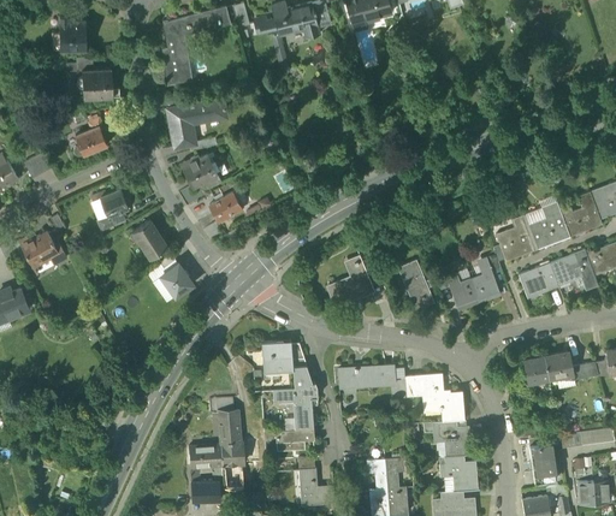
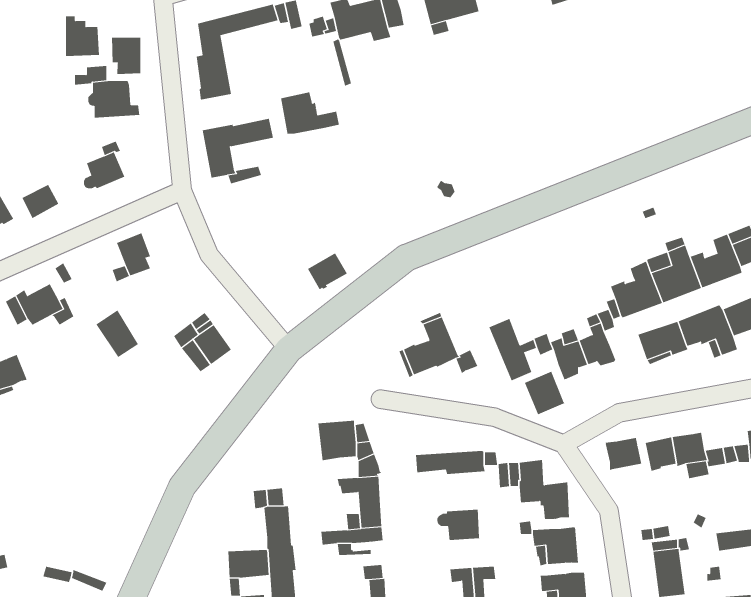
building: none -> [112,37,141,75]
building: none -> [280,92,340,135]
building: [182,156,220,189] -> none
building: [209,194,242,224] -> [307,252,348,290]
building: [132,221,167,260] -> [95,310,139,358]
building: none -> [524,371,565,415]
building: none -> [605,437,642,471]
building: none -> [437,509,480,541]

